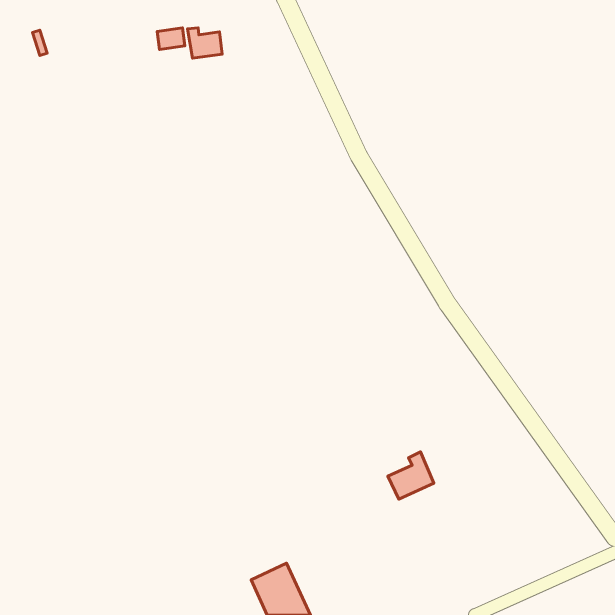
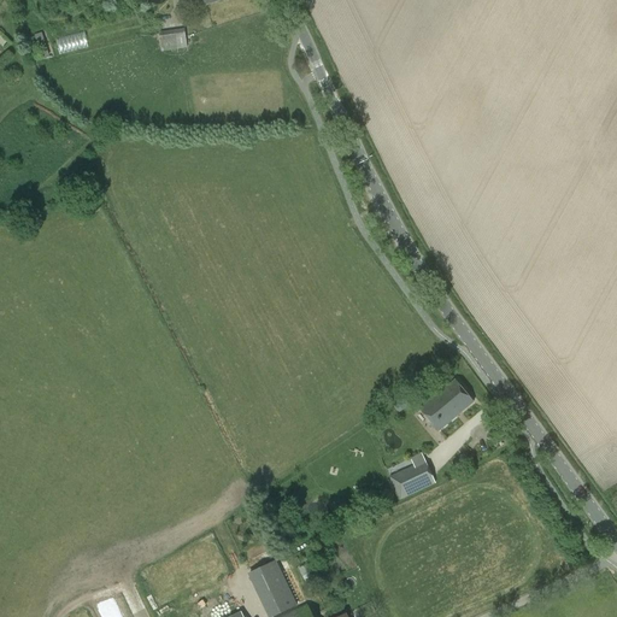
building: [188,28,222,58] -> none
building: none -> [417,378,471,429]

